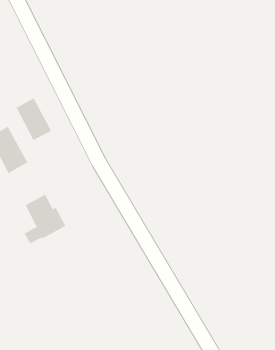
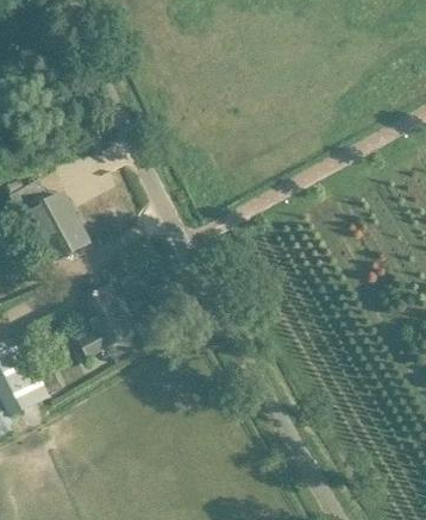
building: [16,98,52,141] -> none

